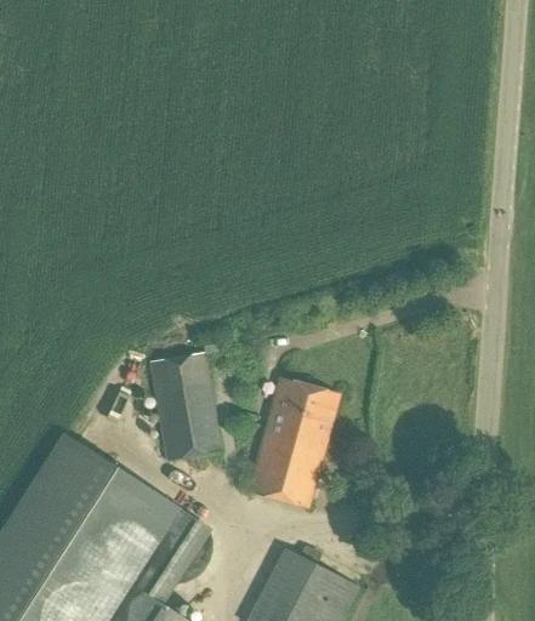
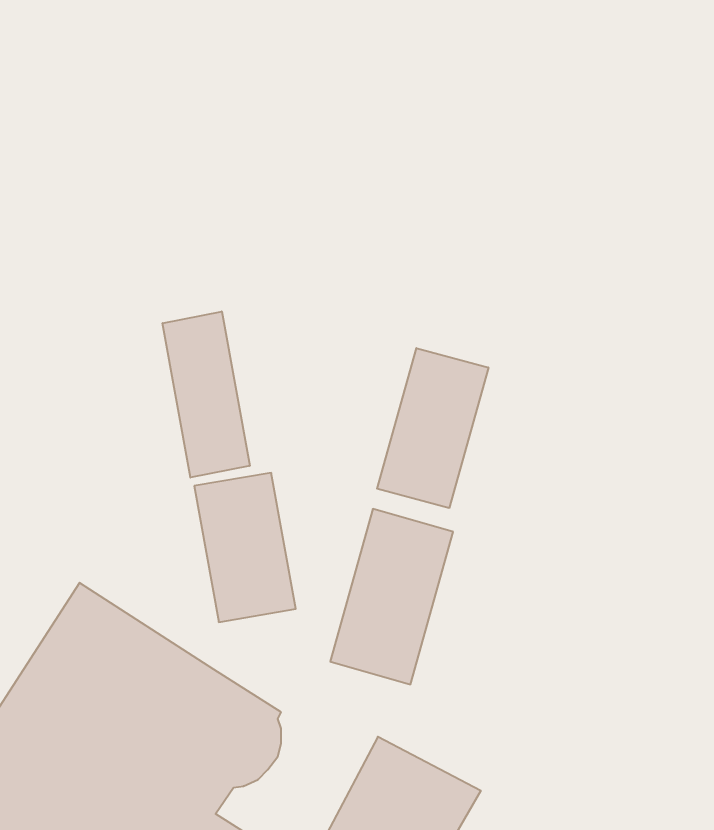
building: none -> [163,311,250,478]
building: none -> [377,348,488,508]

